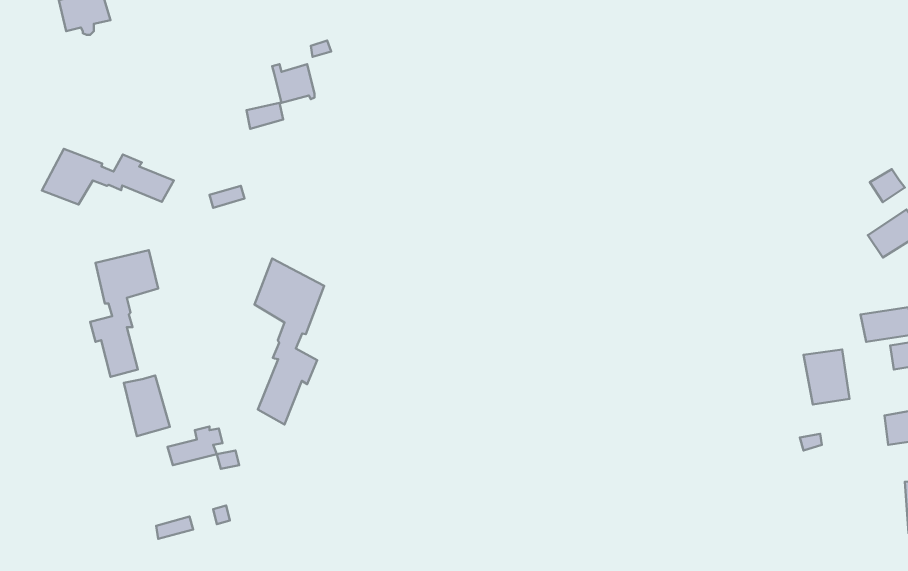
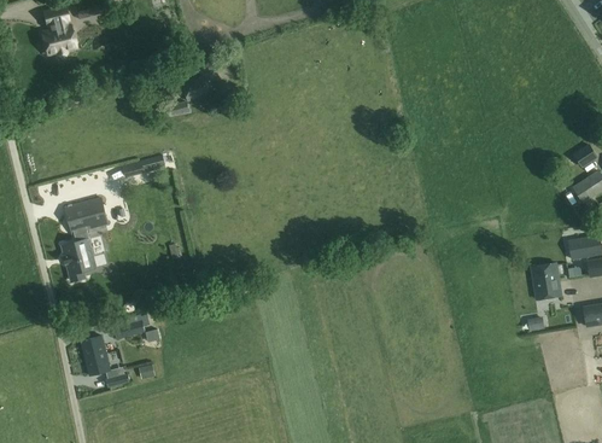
building: [42,149,174,204] -> none
building: [255,258,324,425] -> none
building: [124,375,170,436] -> [81,336,111,375]

